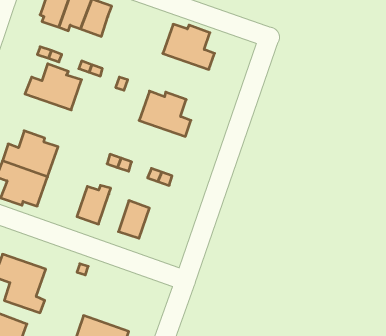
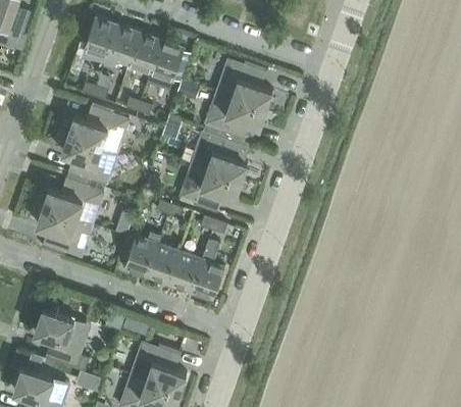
building: none -> [147,39,185,89]
building: none -> [205,90,266,140]
building: none -> [61,134,117,183]
building: none -> [180,162,241,212]
building: none -> [191,238,224,298]
building: none -> [147,242,180,283]
building: none -> [131,342,187,391]

